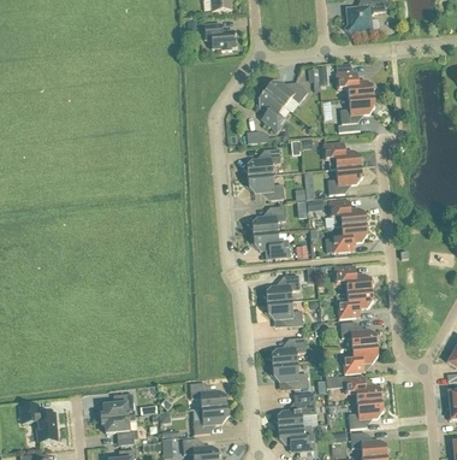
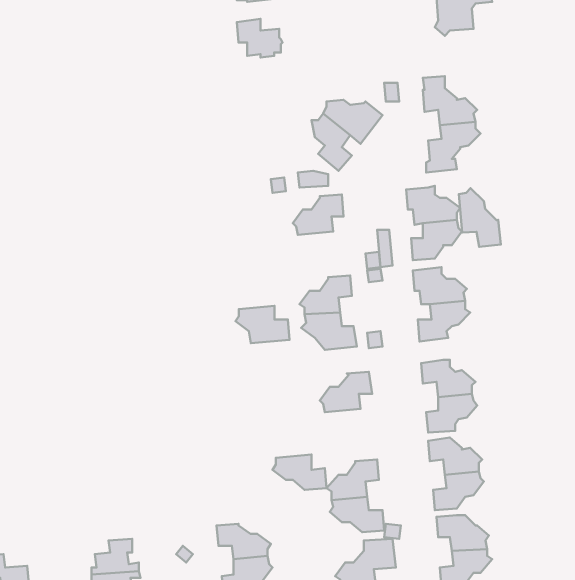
building: none -> [459,188,501,247]
building: [244,173,283,200] -> [235,306,290,343]
building: [263,300,302,325] -> [272,454,327,490]

